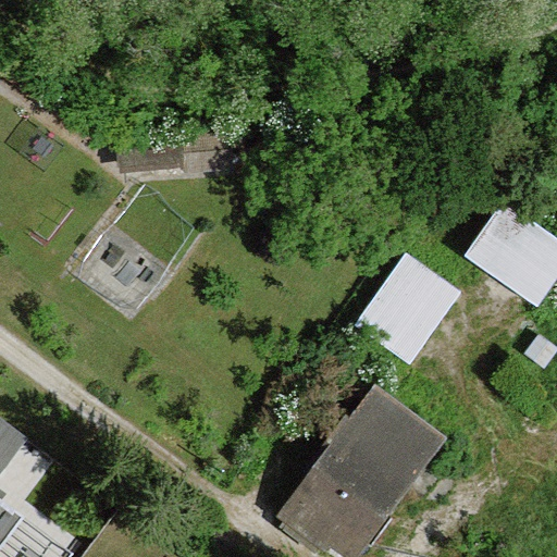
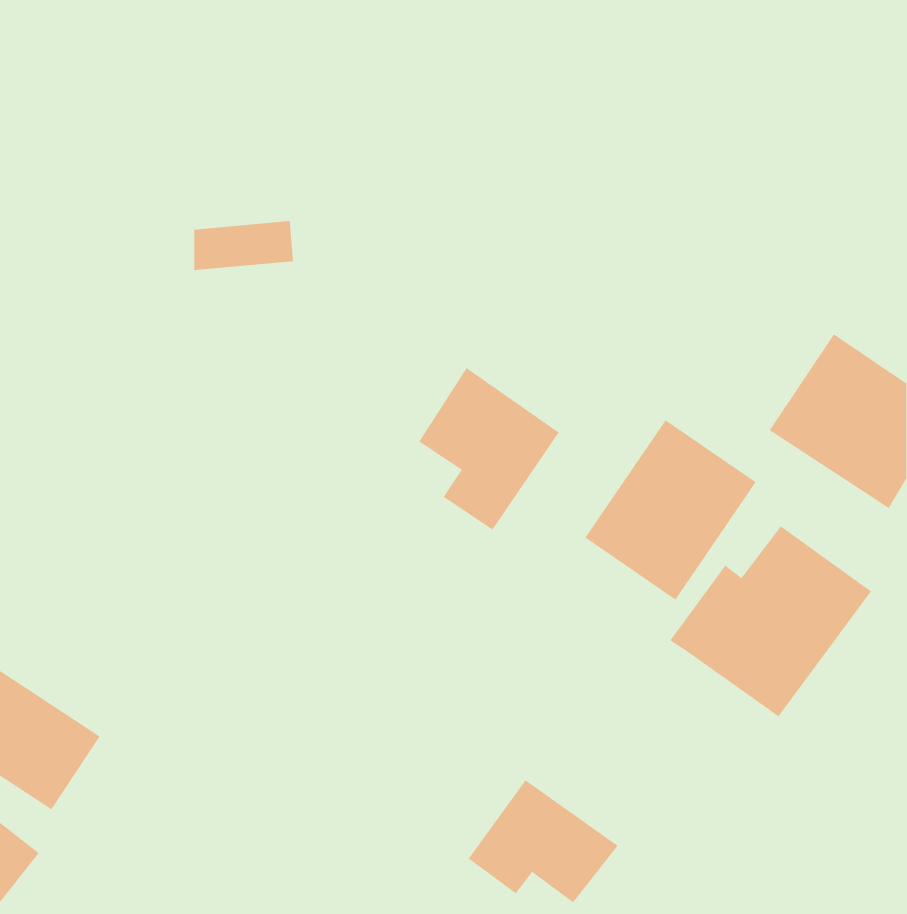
building: none -> [419,367,560,530]
building: [309,397,432,513] -> [669,525,872,717]

